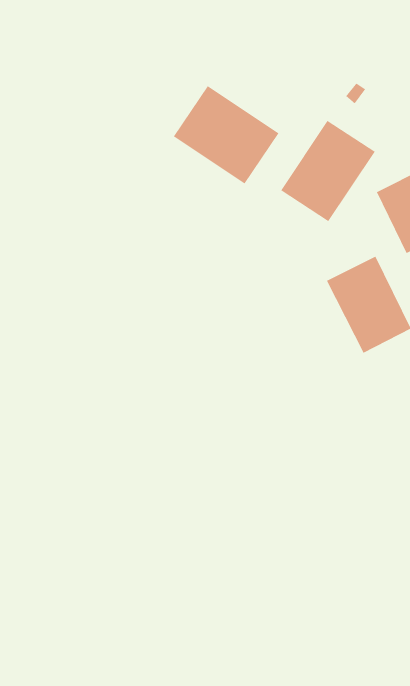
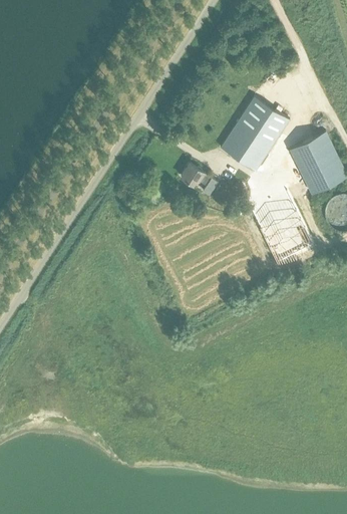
building: [173,85,280,184] -> none
building: none -> [181,165,218,197]

